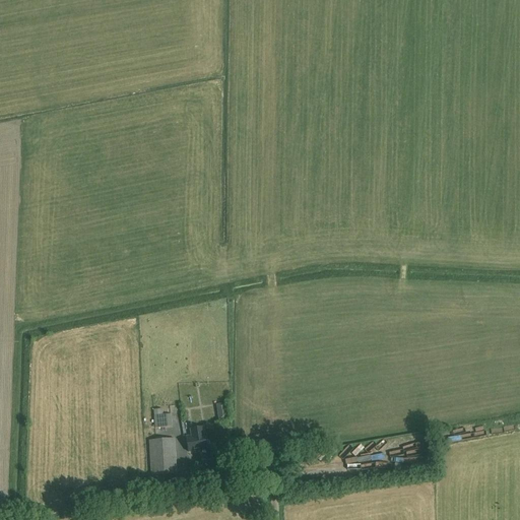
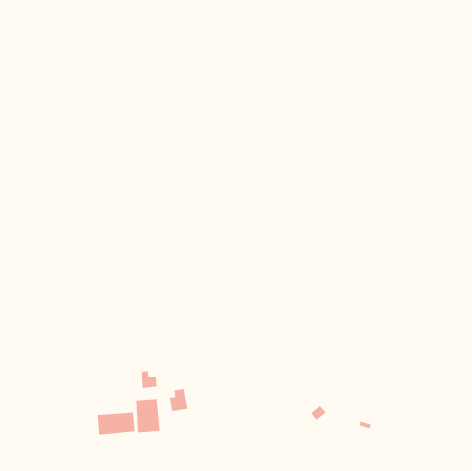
building: none -> [97,412,135,436]

